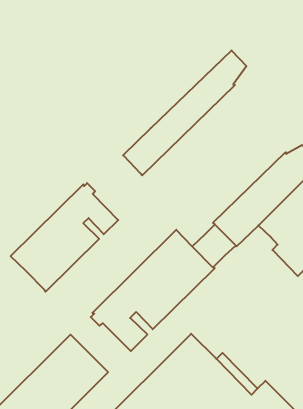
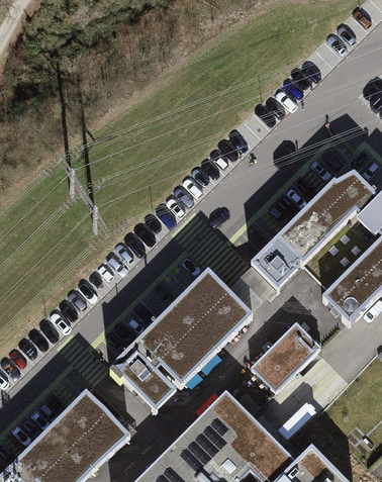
building: [123,50,246,175] -> none
building: [11,183,118,292] -> none
building: none -> [250,321,319,391]

